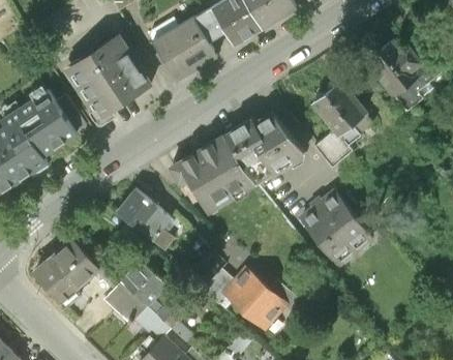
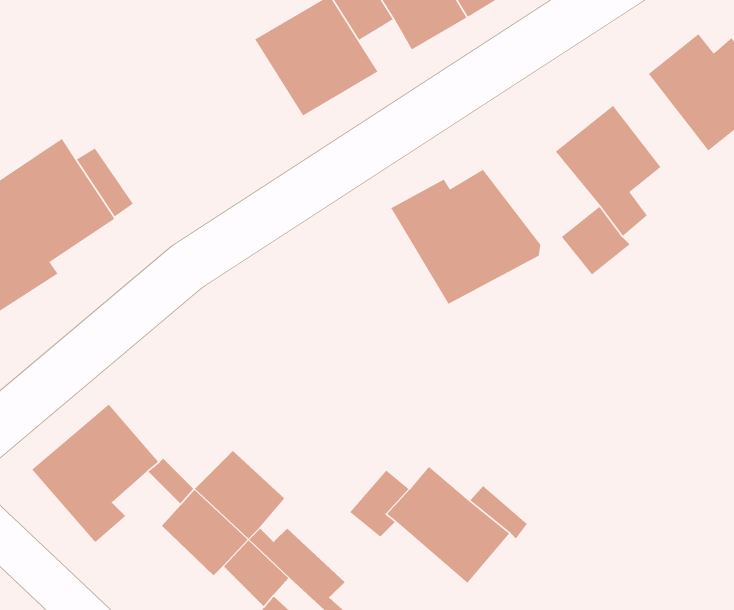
building: [63,33,151,123] -> none
building: [168,130,254,210] -> none
building: [298,188,374,269] -> none
building: [115,190,173,252] -> none

